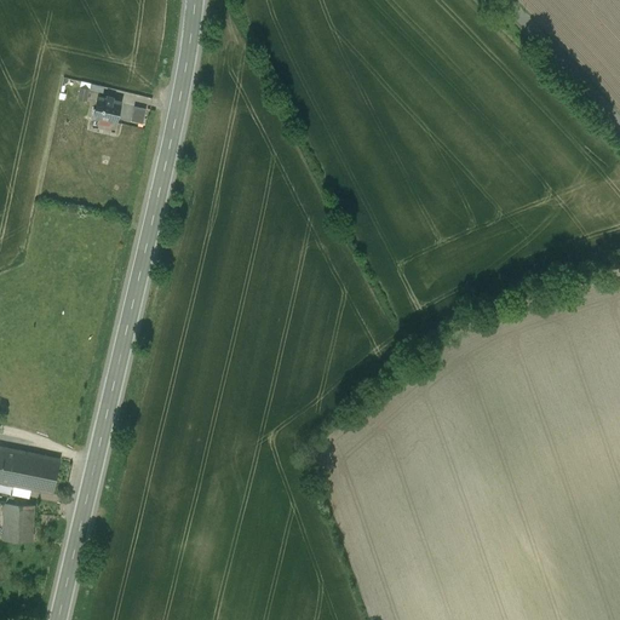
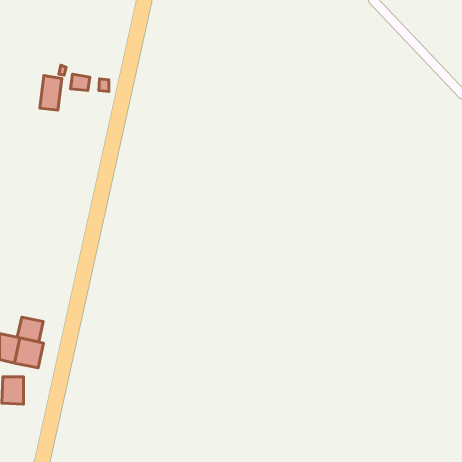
building: none -> [40,75,62,110]
building: none -> [17,317,43,342]

